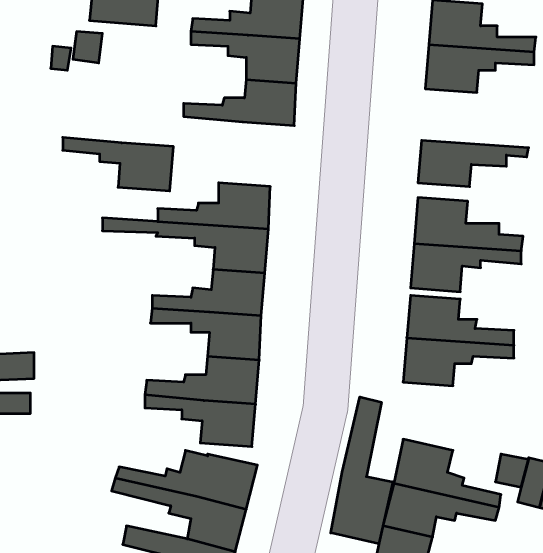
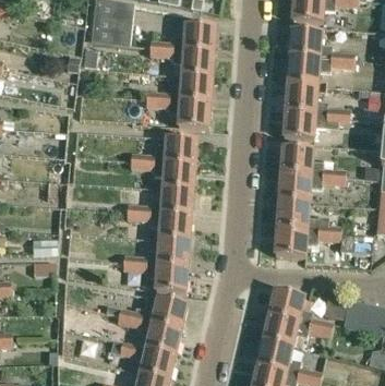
building: none -> [285,86,348,117]
building: [63,137,173,191] -> [144,98,209,130]
building: [331,397,393,544] -> none

